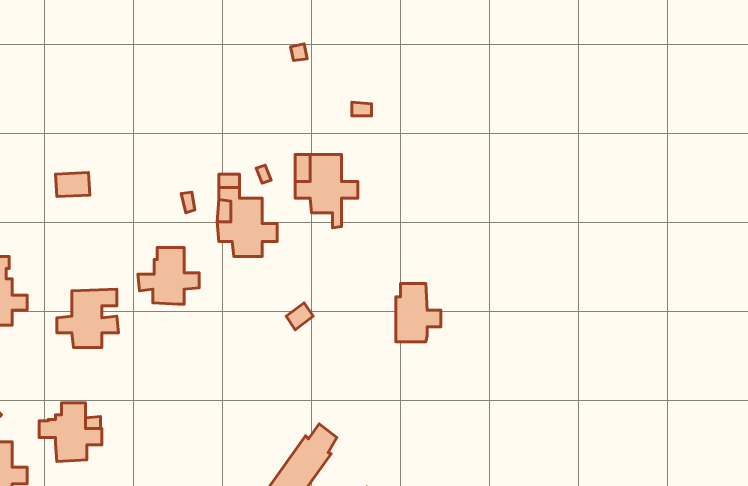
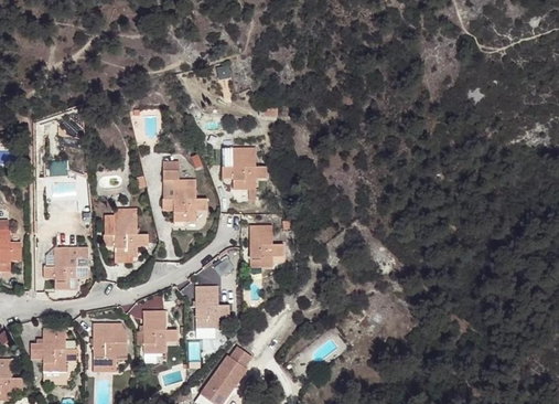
building: none -> [104,209,138,235]
building: [396,283,441,342] -> [250,224,283,267]
building: none -> [195,286,230,327]
building: none -> [143,310,178,353]
building: none -> [93,323,127,366]

